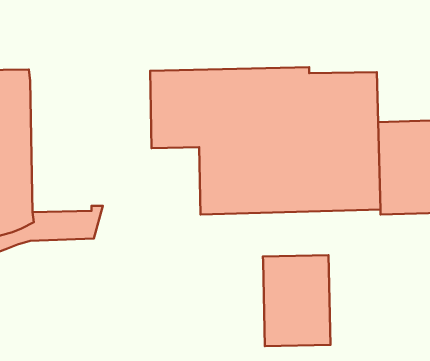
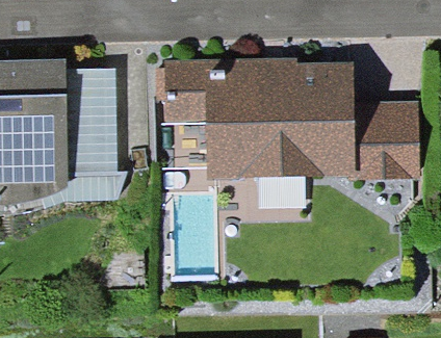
building: none -> [66,68,116,178]
building: [263,255,331,346] -> none

